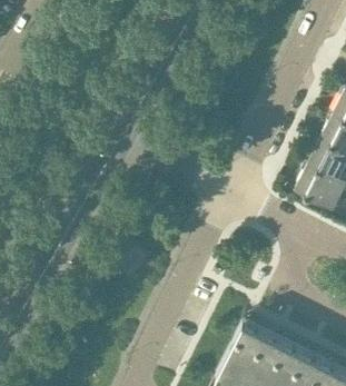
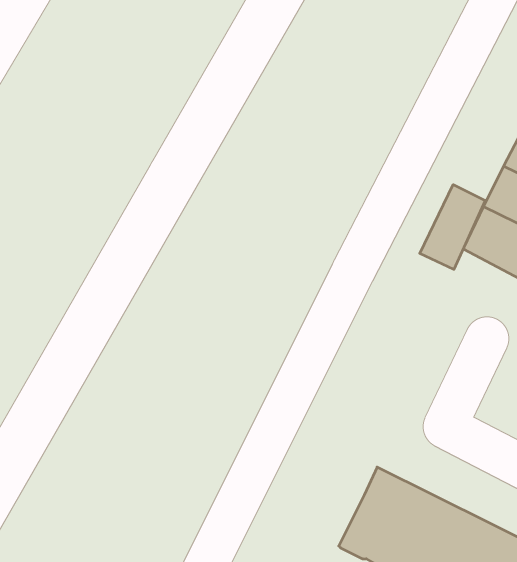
building: none -> [420,185,485,269]

